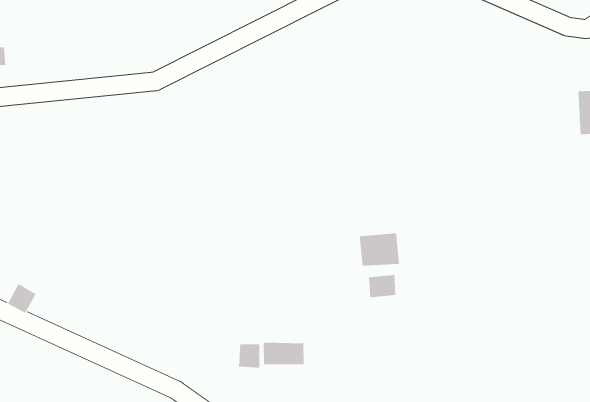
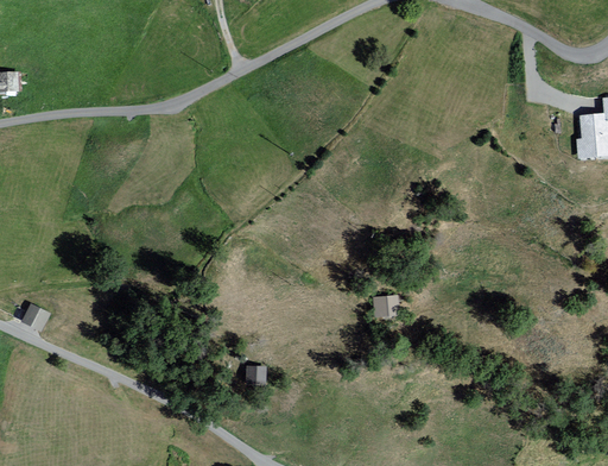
building: [359,232,400,266] -> none
building: [263,342,304,365] -> none

